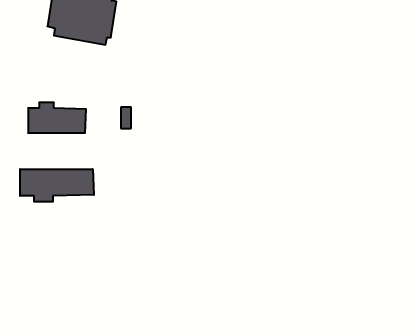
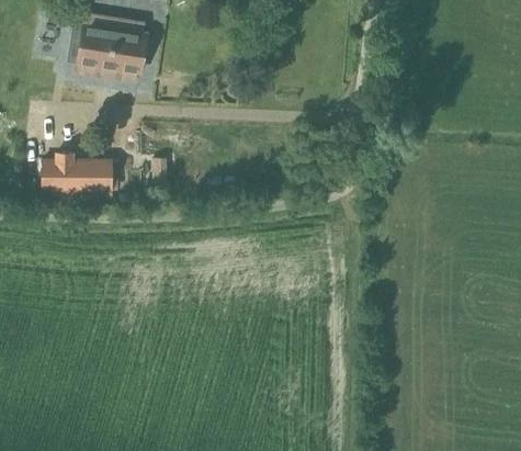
building: [20,169,94,202] -> none

